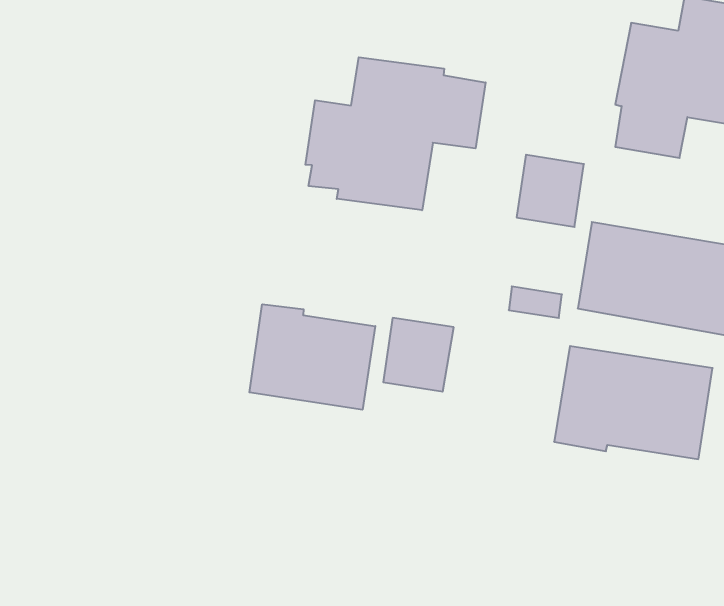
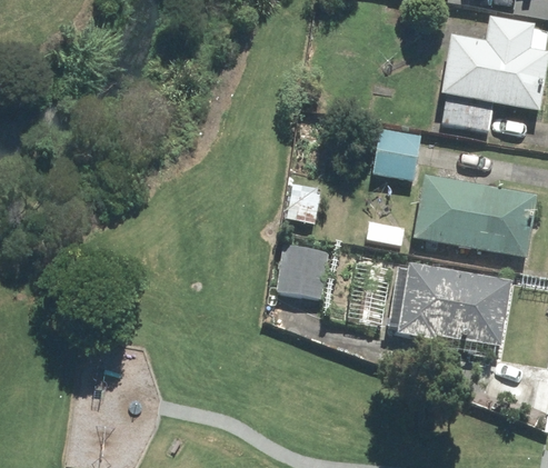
building: [305,57,486,210] -> none
building: [249,304,375,410] -> none

